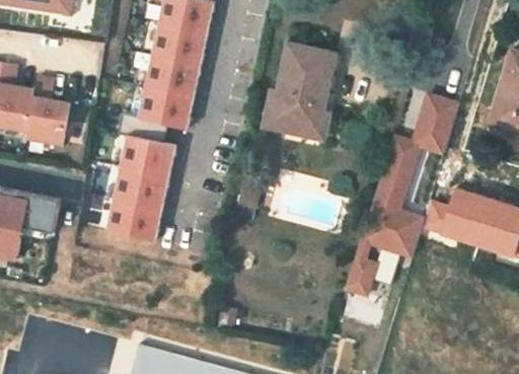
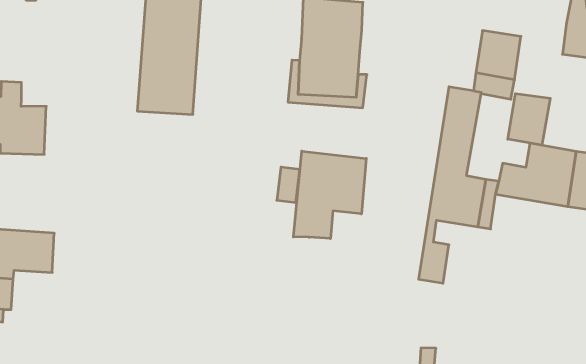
building: [109,139,172,239] -> none
building: none -> [508,94,550,145]
building: none -> [293,151,366,239]

